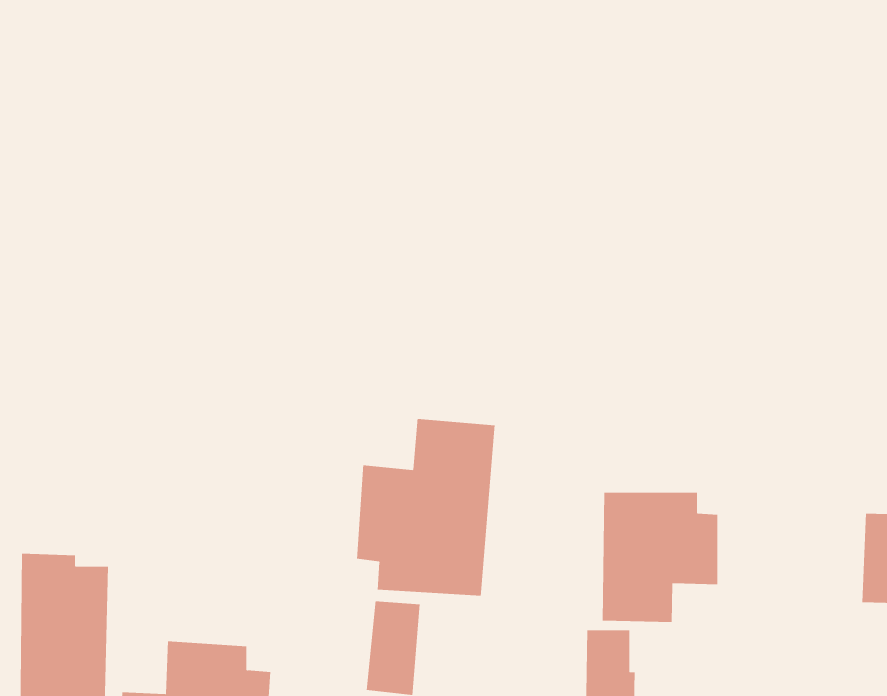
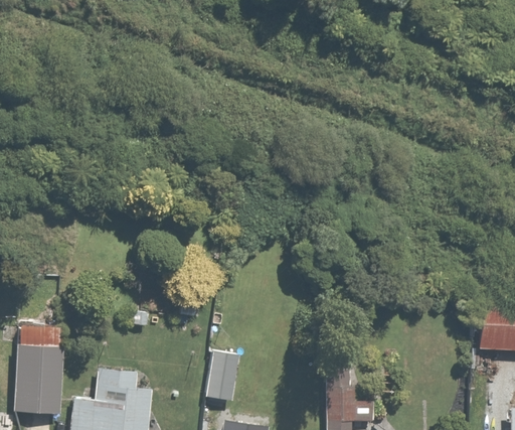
building: [357,418,495,596] -> none
building: [602,492,718,623] -> none

